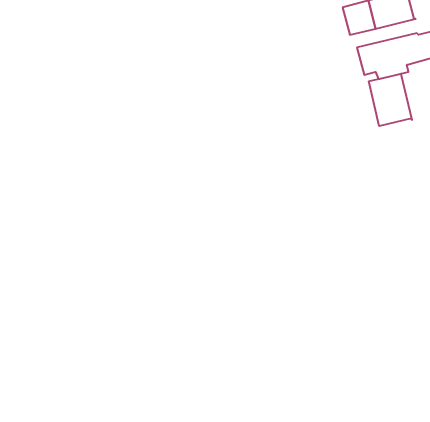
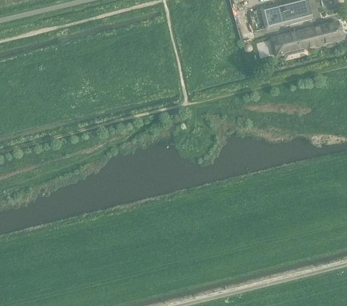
building: [369,74,412,126] -> none

